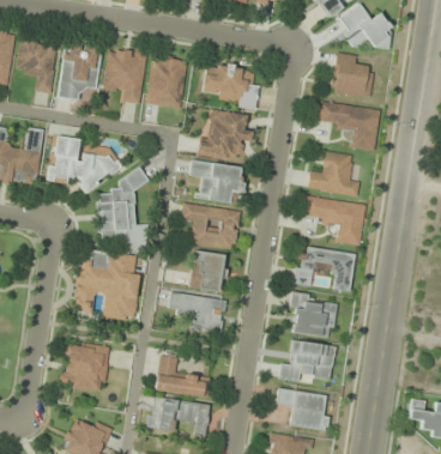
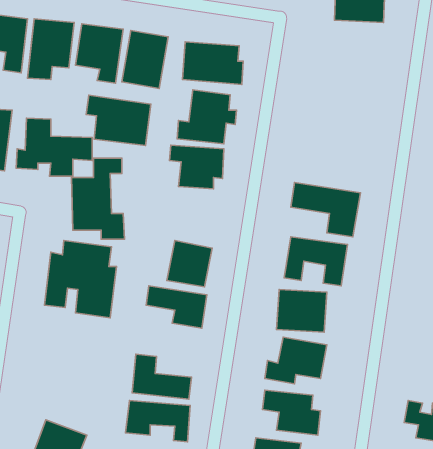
building: [330,53,373,97] -> none
building: [316,101,380,150] -> none
building: [307,151,358,195] -> none
building: [180,202,240,249] -> [86,95,151,145]
building: [64,343,107,389] -> none

